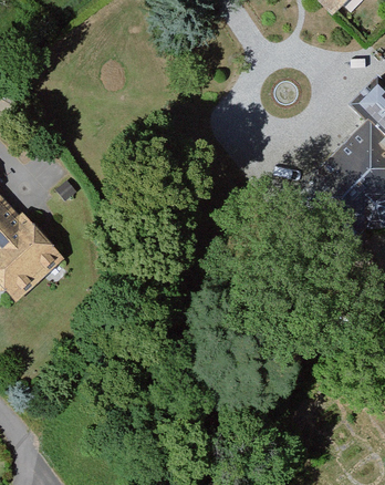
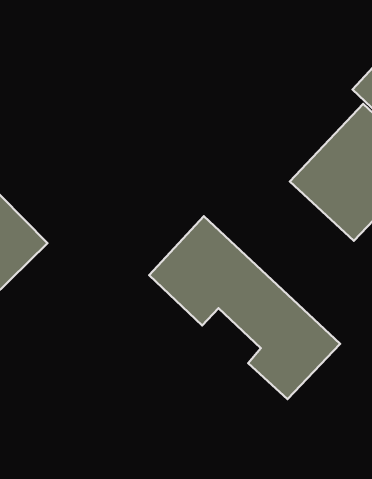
building: none -> [149,216,340,399]

